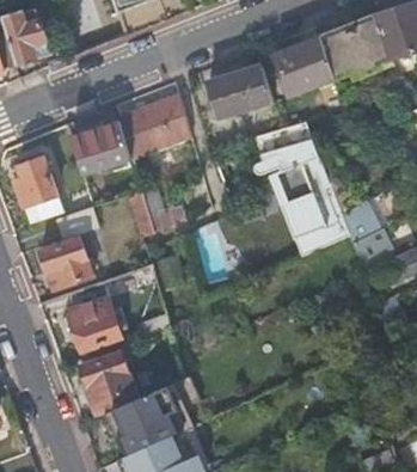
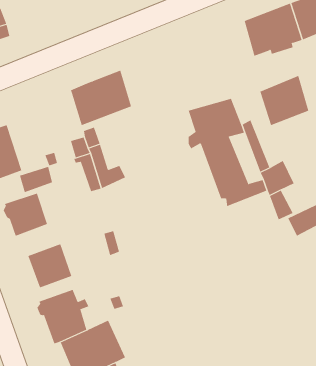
building: [275,36,333,96] -> [259,75,309,126]
building: [208,65,274,116] -> none
building: [79,121,130,171] -> none

